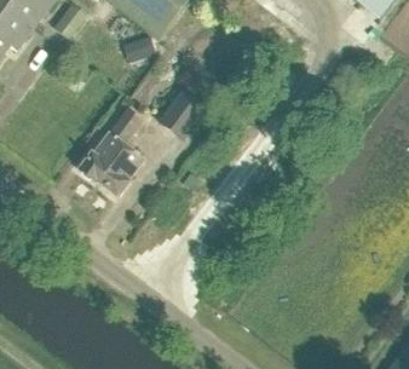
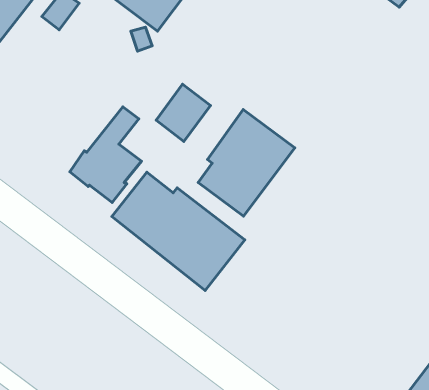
building: none -> [198,110,295,216]
building: none -> [112,172,245,291]

